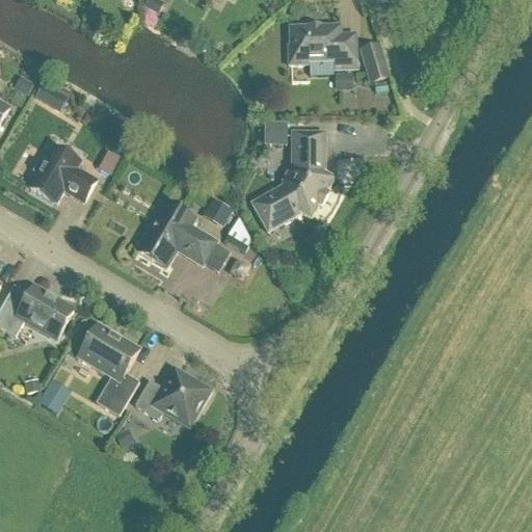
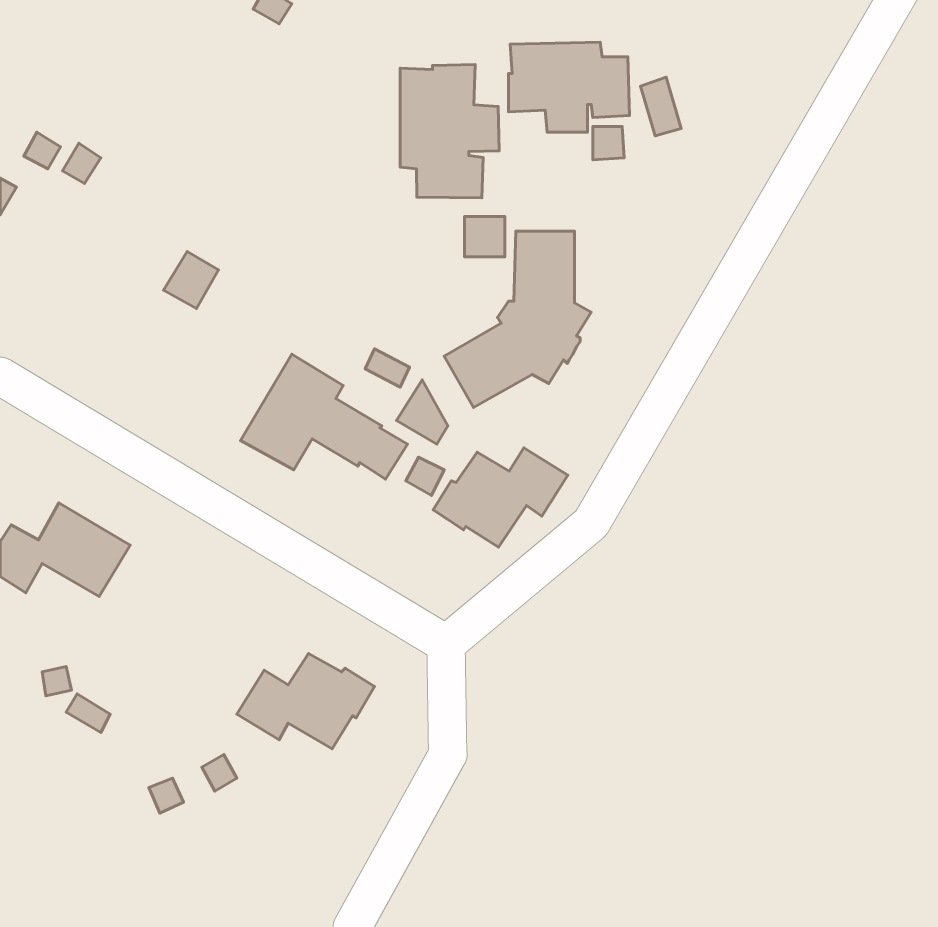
building: none -> [400,65,499,198]
building: [29,145,97,202] -> none
building: none -> [433,448,568,547]
building: [77,322,139,415] -> none

